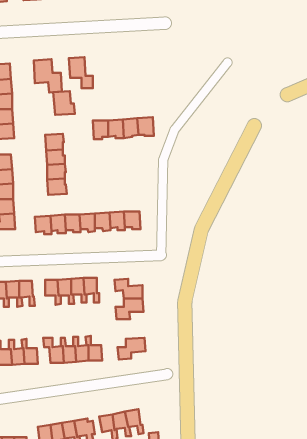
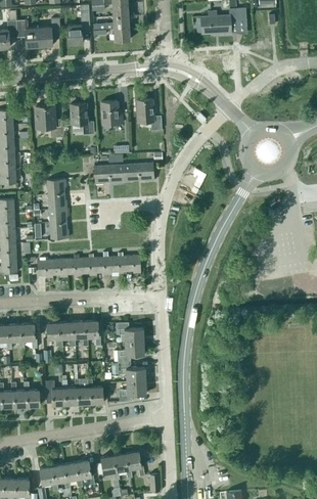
building: none -> [136,99,162,130]
building: [53,91,75,115] -> [101,101,123,125]
building: none -> [118,362,145,381]

